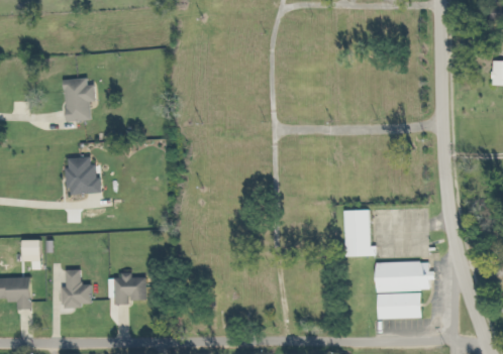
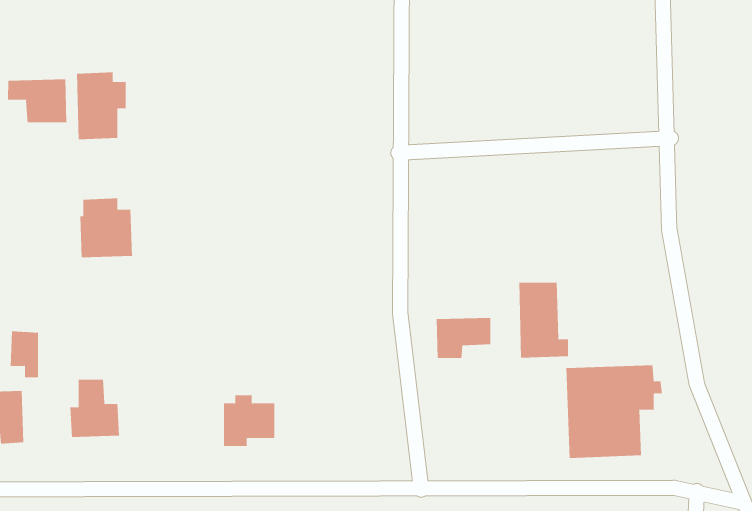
building: none -> [7,79,67,123]
building: none -> [436,317,491,359]
building: [115,273,147,306] -> [223,395,275,447]

